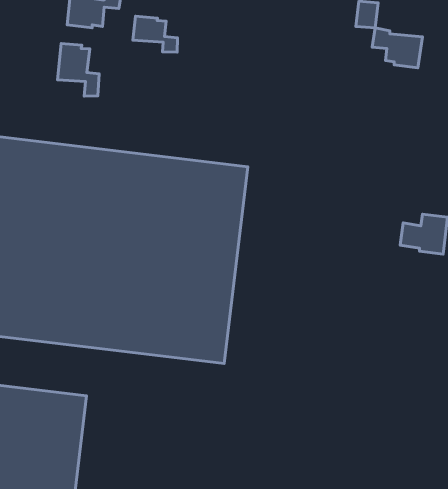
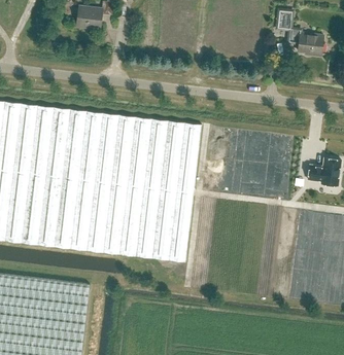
building: [133,16,177,52] -> none
building: [57,44,99,96] -> none

